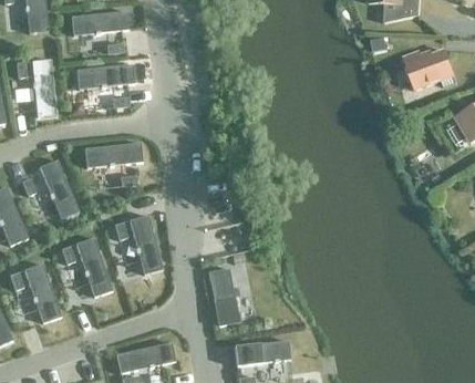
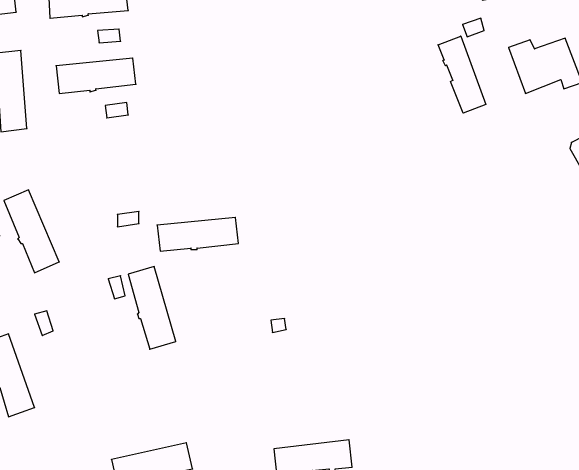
building: none -> [438,36,486,113]
building: [84,143,143,167] -> [157,217,238,251]
building: [75,238,112,297] -> none
building: [208,268,239,328] -> none

